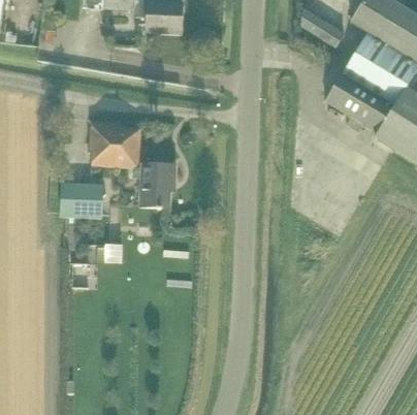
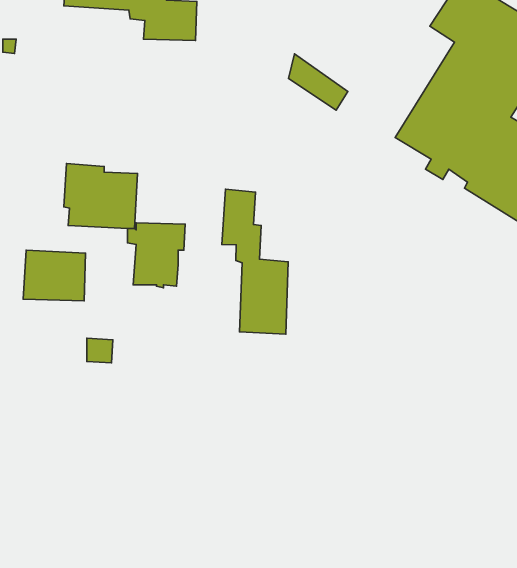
building: [301,6,344,46] -> [289,54,348,110]
building: none -> [222,189,288,334]

